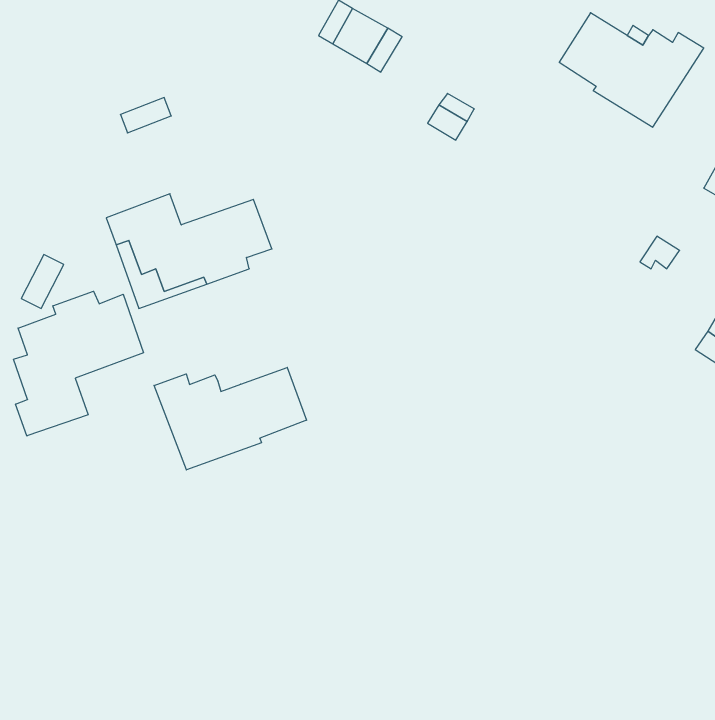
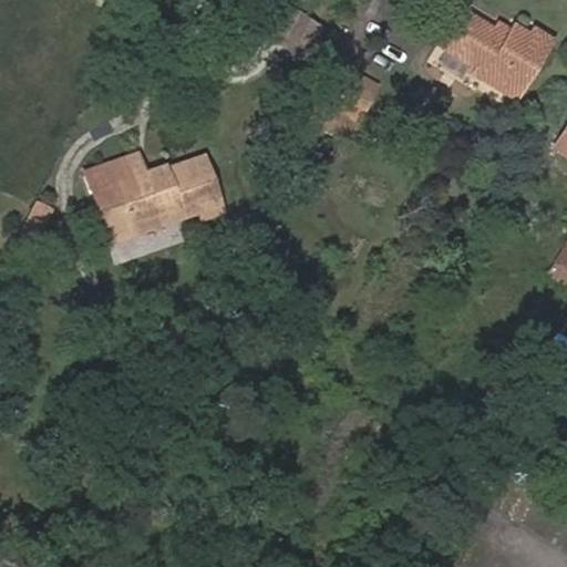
building: [13,291,144,436] -> none
building: [154,367,307,470] -> none

